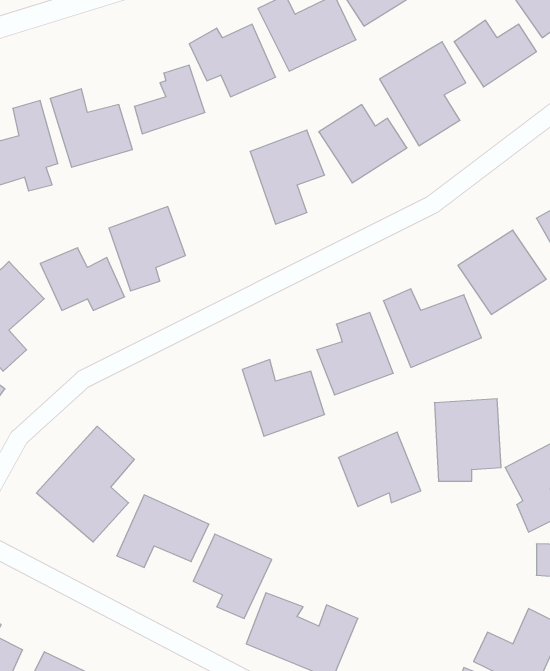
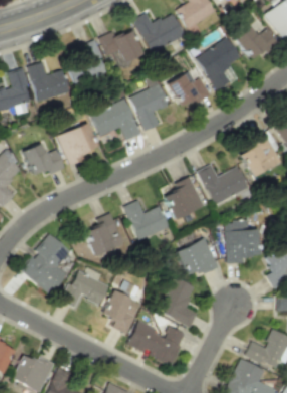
building: none -> [91,100,141,141]
building: none -> [83,215,123,256]
building: none -> [159,277,198,328]

